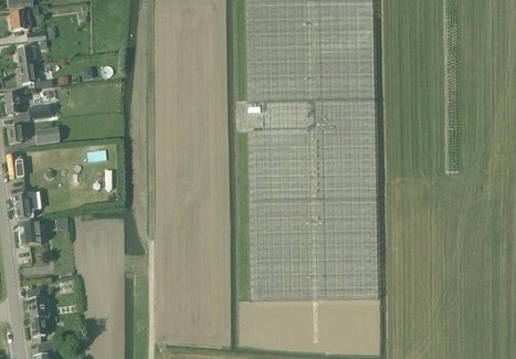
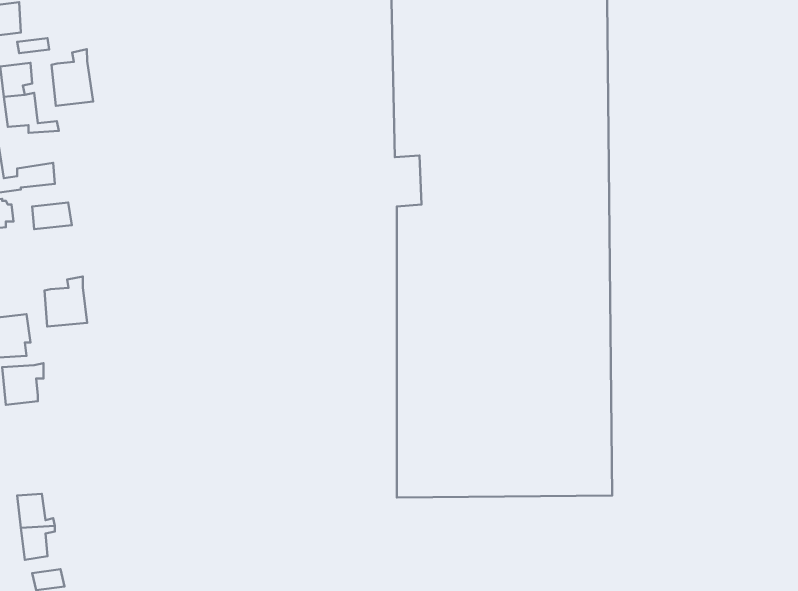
building: none -> [52,49,93,106]
building: none -> [45,277,87,326]

